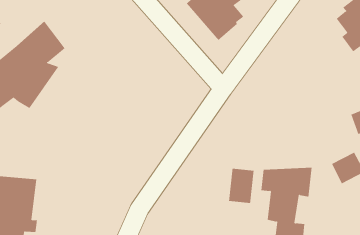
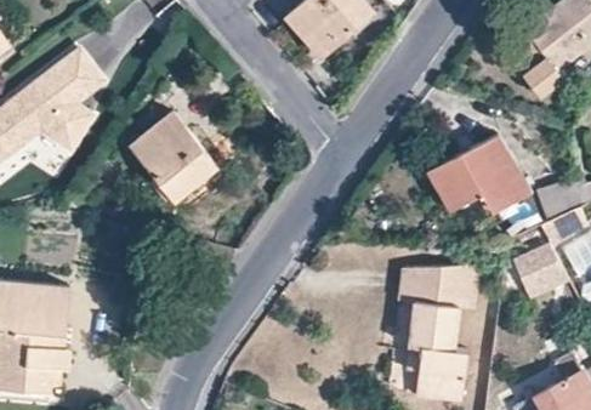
building: none -> [133,116,216,203]
building: none -> [428,132,527,207]
building: [228,168,254,204] -> none

